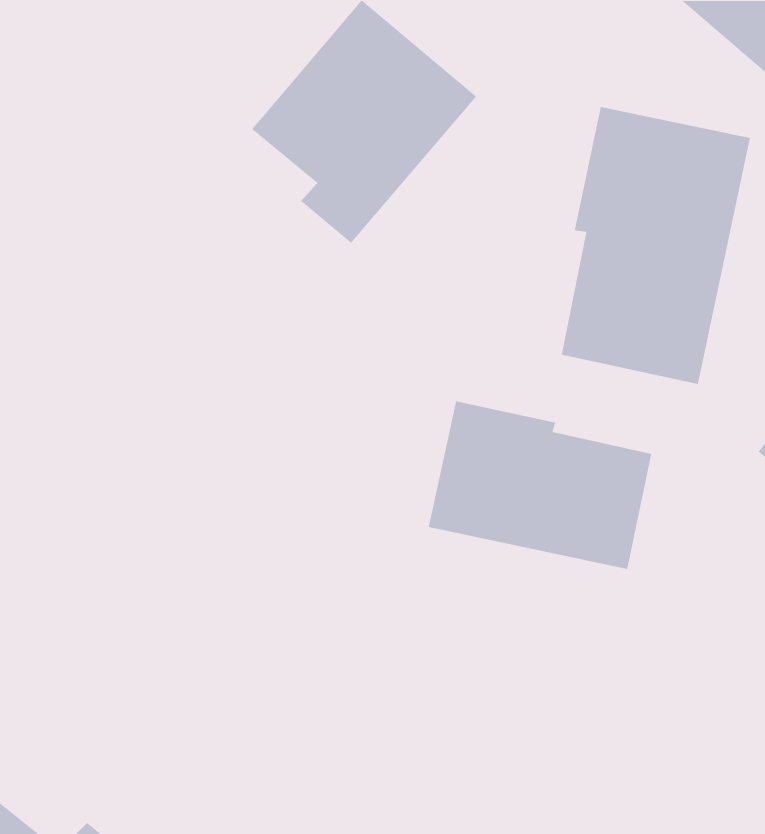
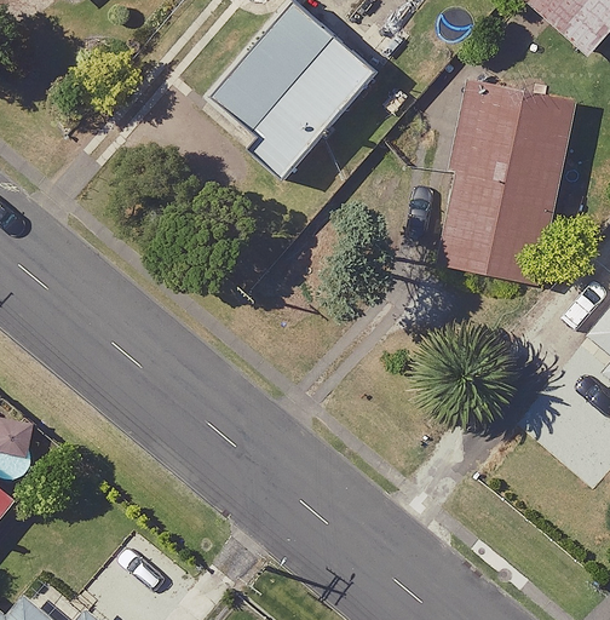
building: [428,401,652,570] -> none

